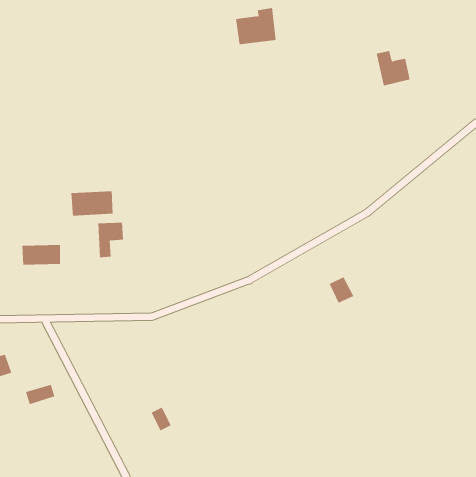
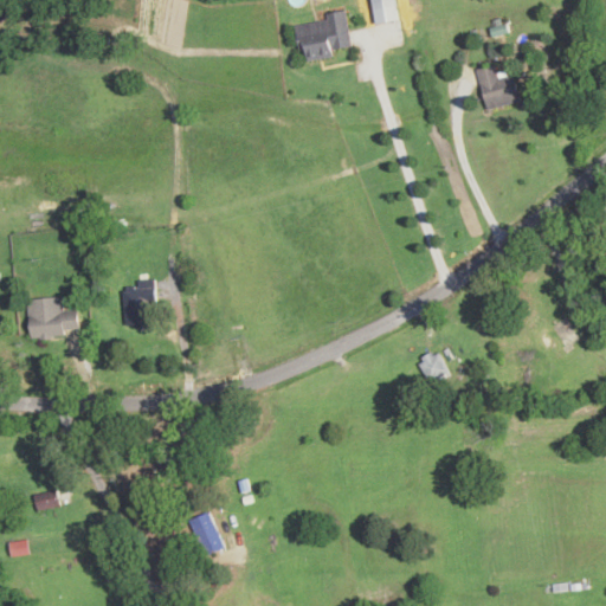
building: [71,190,113,216] -> none

